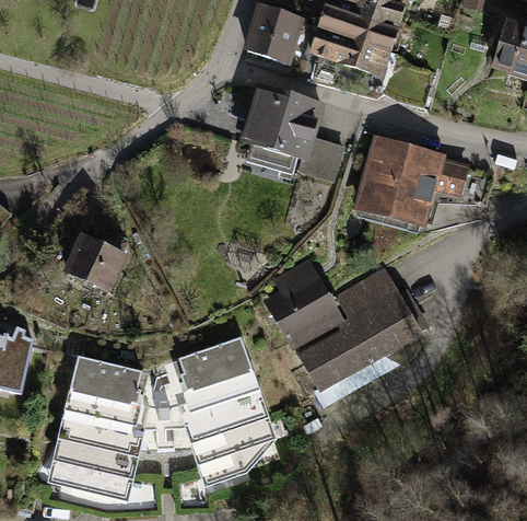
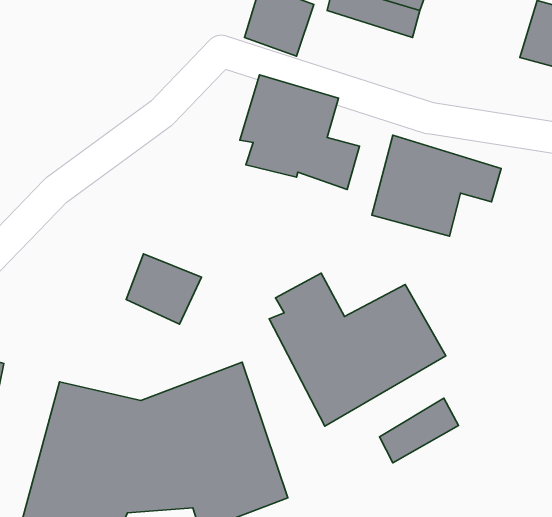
building: [307,25,393,78] -> none
building: [62,230,129,292] -> [126,254,202,324]
building: none -> [379,398,458,463]

